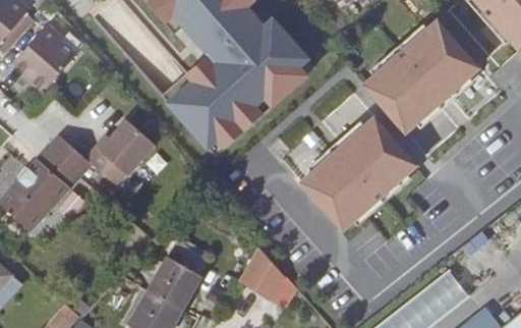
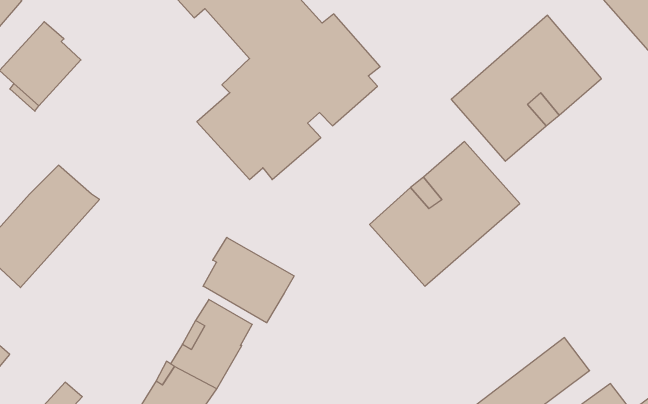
building: [85,118,153,182] -> none
building: none -> [203,237,294,323]
building: [239,254,281,295] -> none

